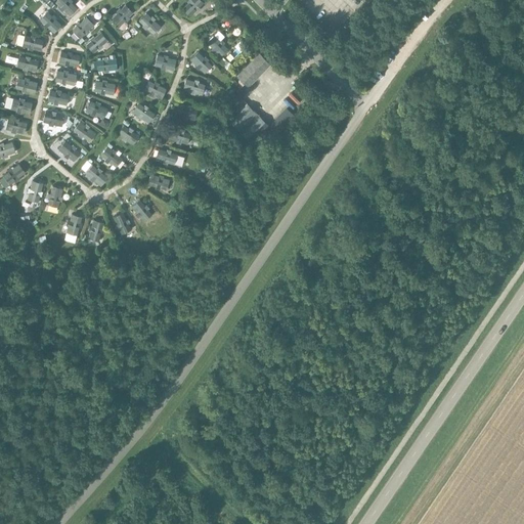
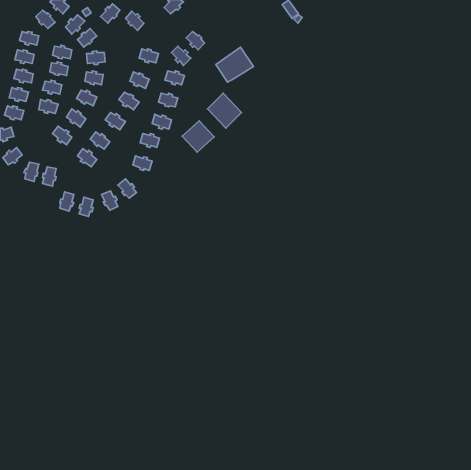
building: none -> [182,121,214,152]

